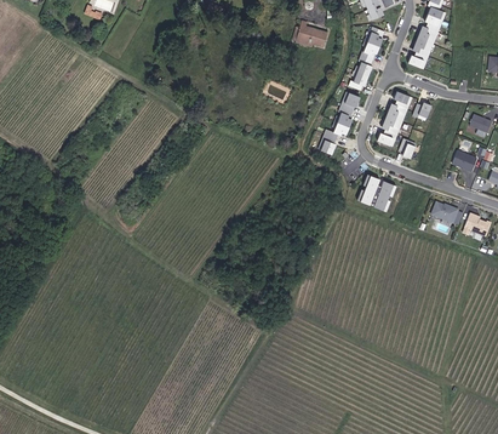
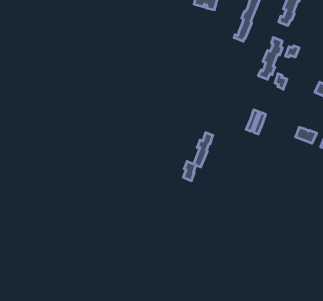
building: [319,93,357,156] -> [183,133,213,181]

